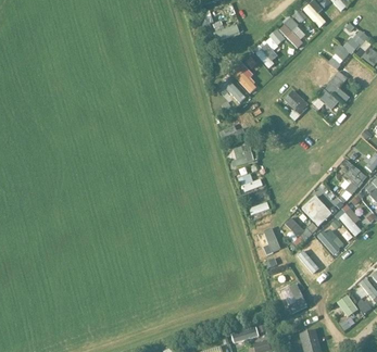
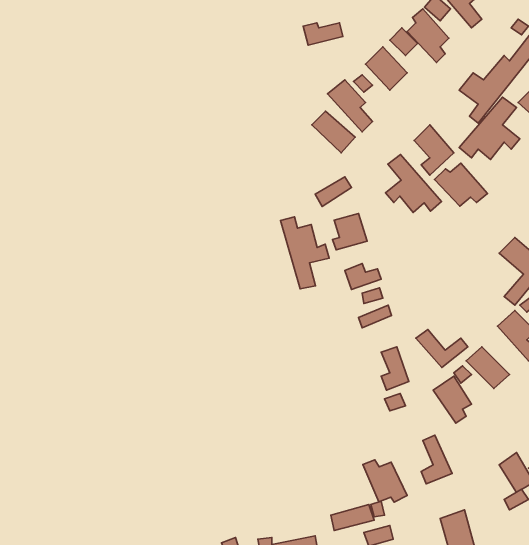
building: none -> [385,155,442,212]
building: none -> [434,163,487,206]
building: none -> [281,217,329,289]
building: [301,194,332,225] -> none
building: none -> [363,460,407,502]

